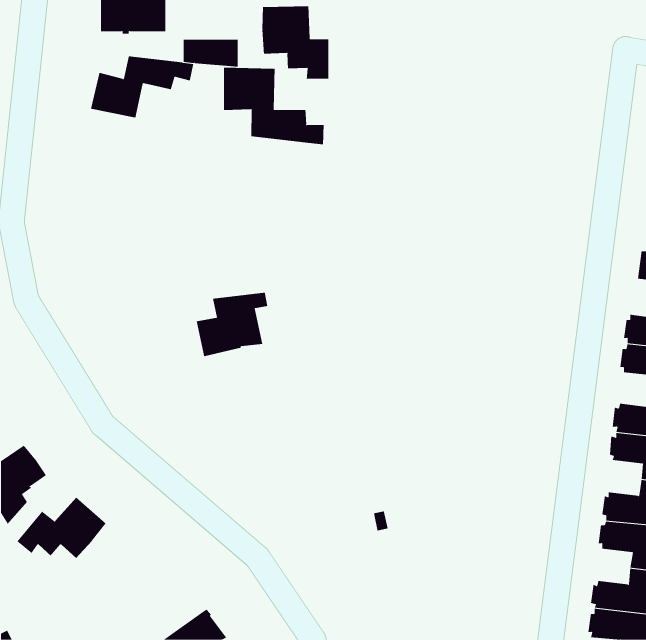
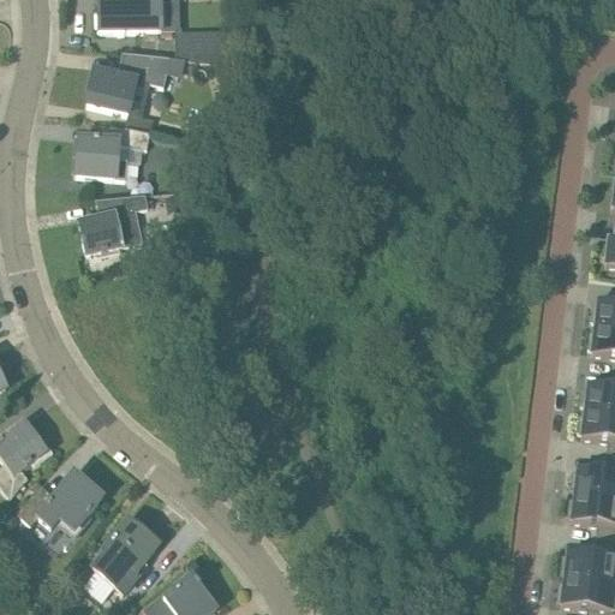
building: [262,5,329,79] -> none
building: [224,67,324,145] -> none
building: none -> [76,125,151,178]
building: [196,292,268,357] -> [80,193,149,255]
building: none -> [92,519,159,593]

